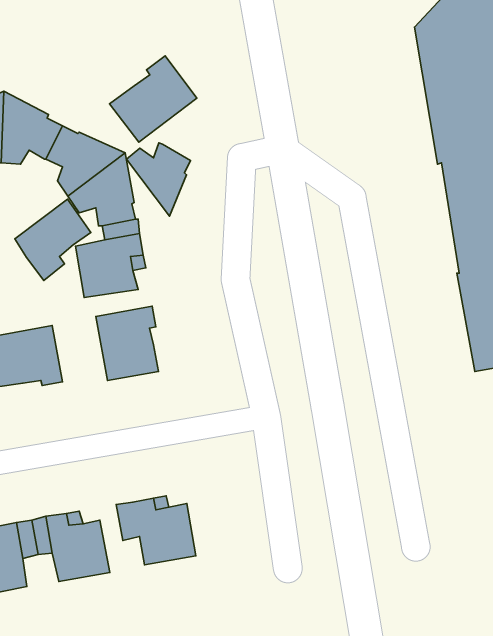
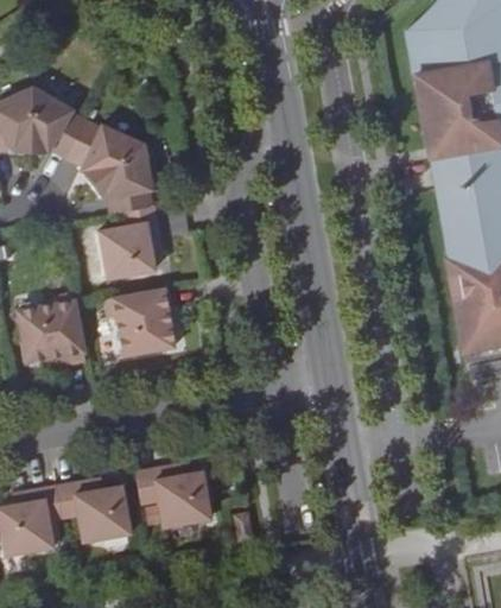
building: [110,56,197,142] -> none
building: [126,143,191,216] -> none
building: [15,199,91,280] -> none

